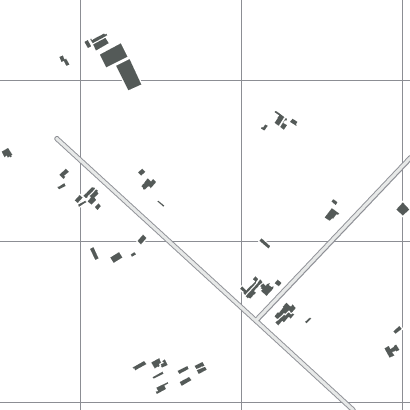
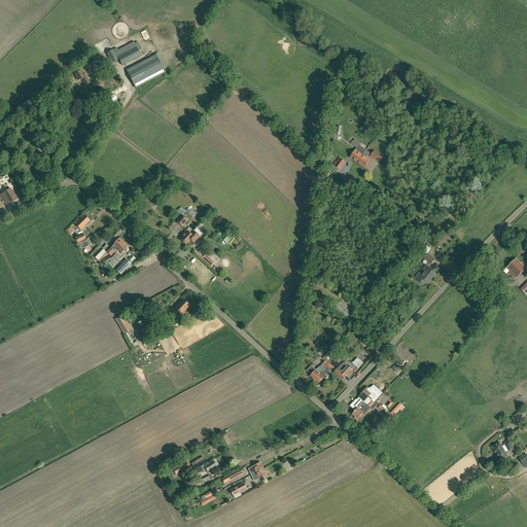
building: [115,58,142,91] -> none

